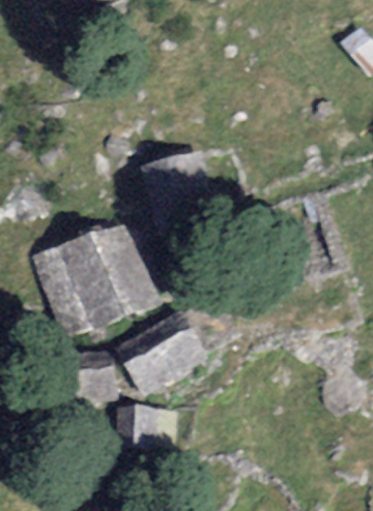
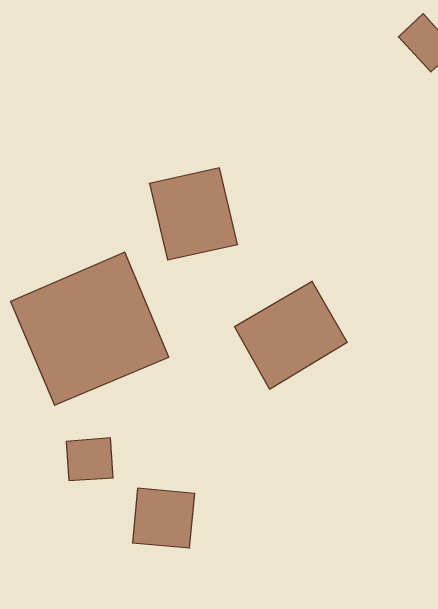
building: [114,310,204,396] -> [234,281,347,389]

